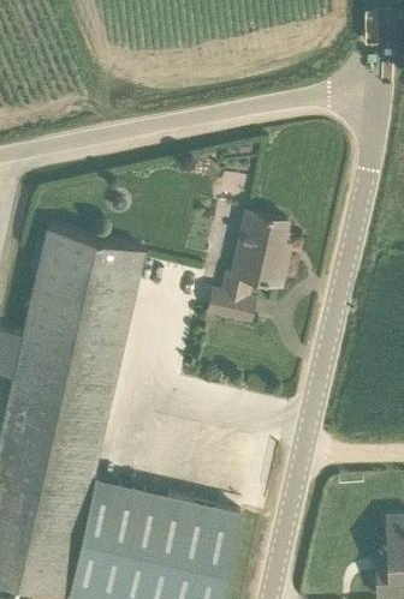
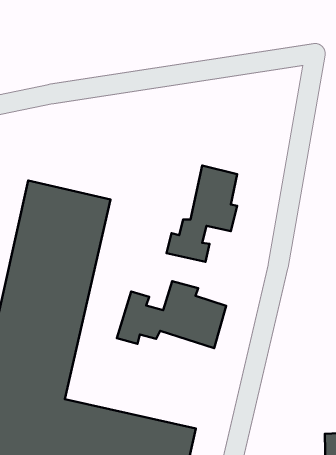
building: none -> [117,281,226,348]

